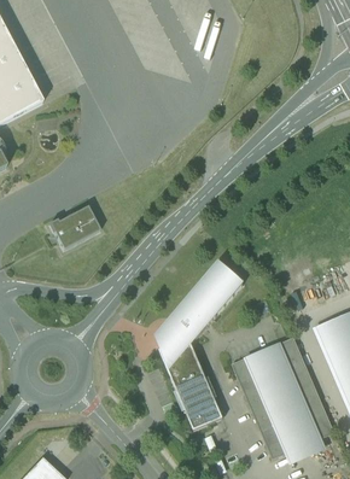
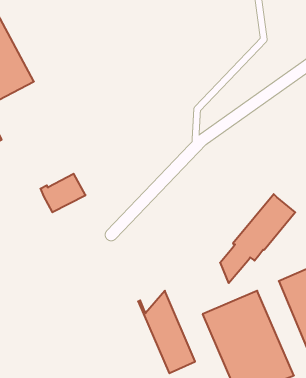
building: [158,262,243,362] -> [220,194,295,283]

